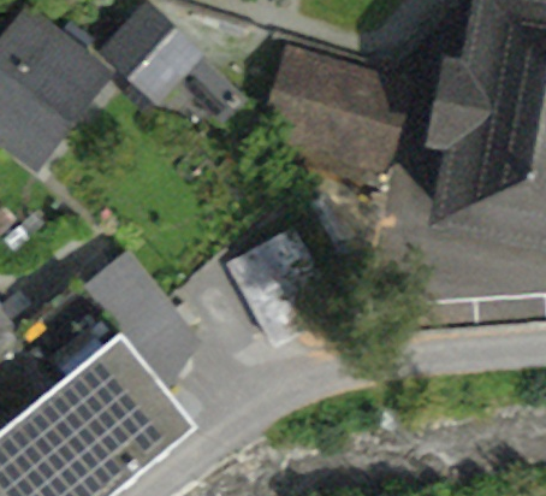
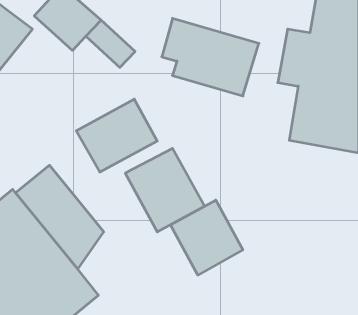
building: none -> [76,99,157,172]
building: none -> [170,200,243,275]

